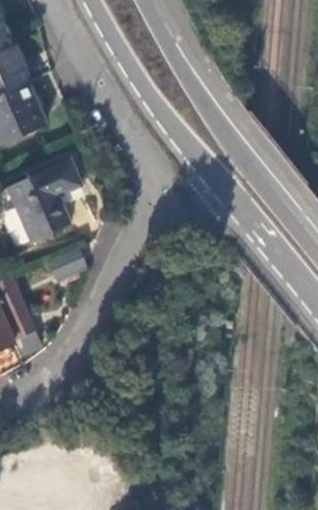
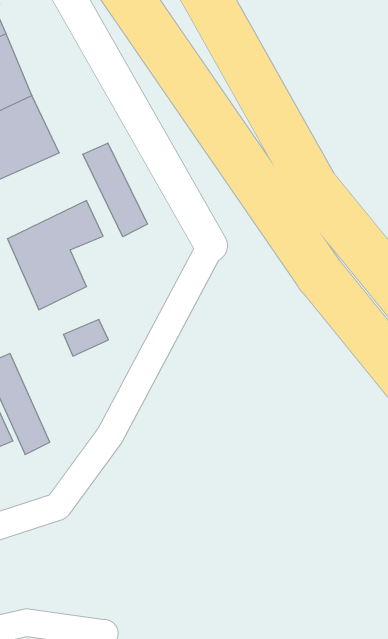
building: none -> [83,143,148,237]

